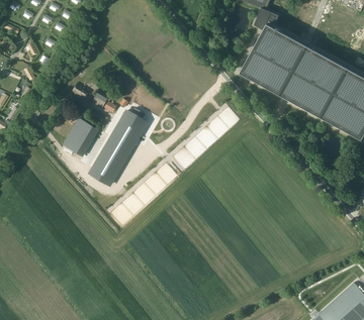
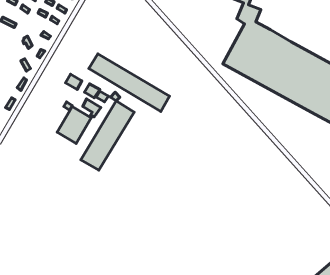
building: none -> [89,54,170,112]

